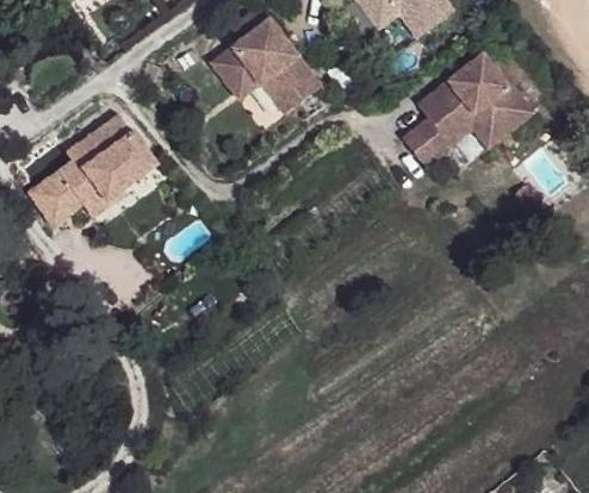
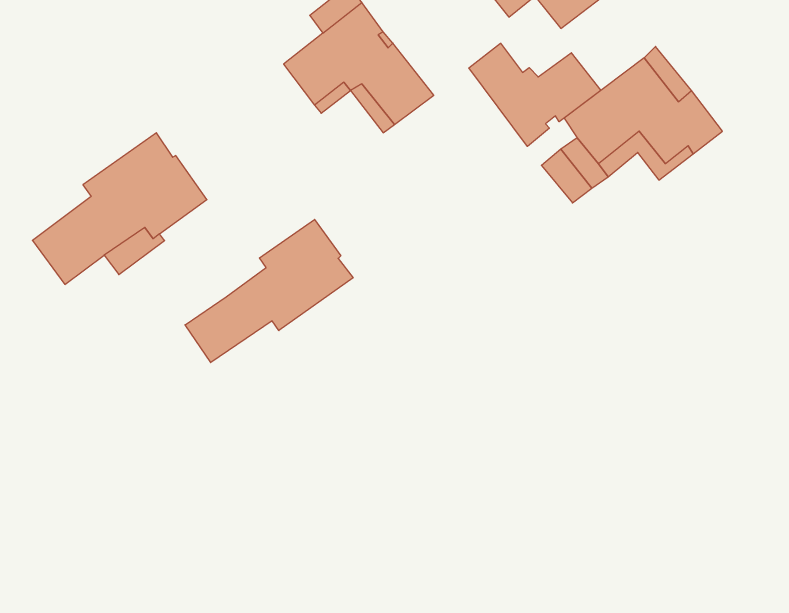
building: none -> [469,43,601,146]
building: none -> [185,219,353,363]

